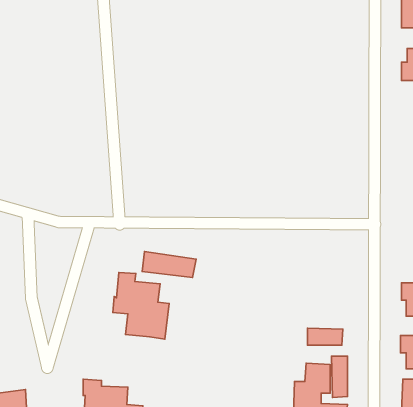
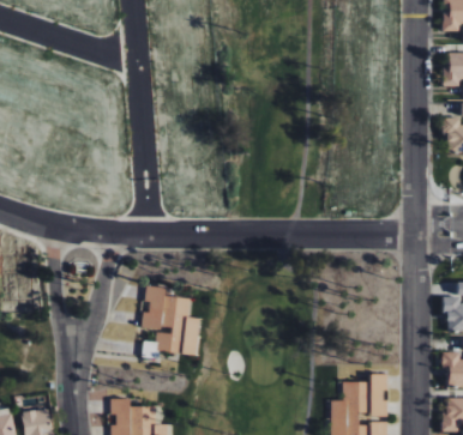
building: [142,252,196,277] -> none
building: [308,328,343,345] -> none

